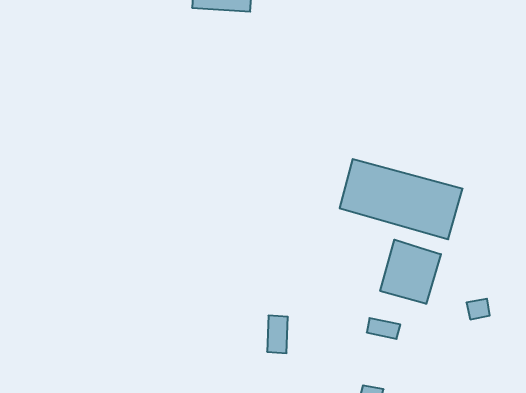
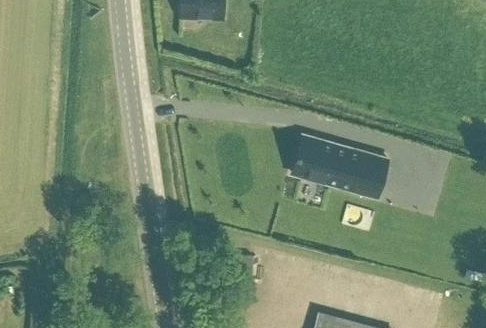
building: [380,240,441,304] -> none

